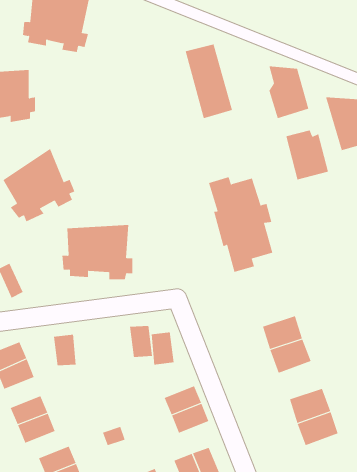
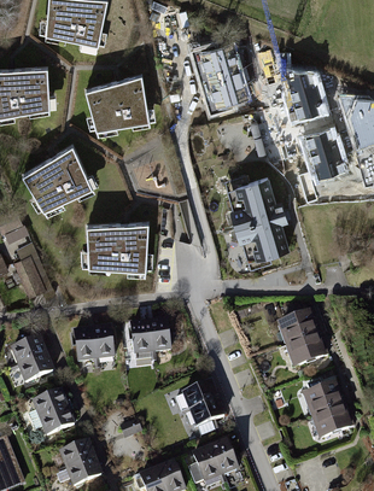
building: none -> [84,74,151,136]
building: none -> [93,326,115,358]
building: [151,332,174,365] -> [128,321,151,353]

